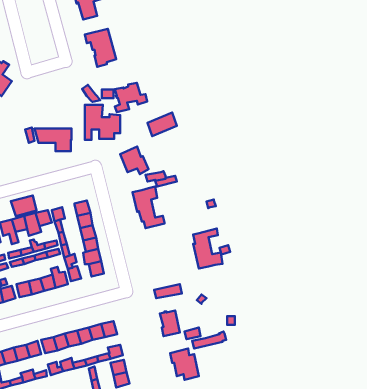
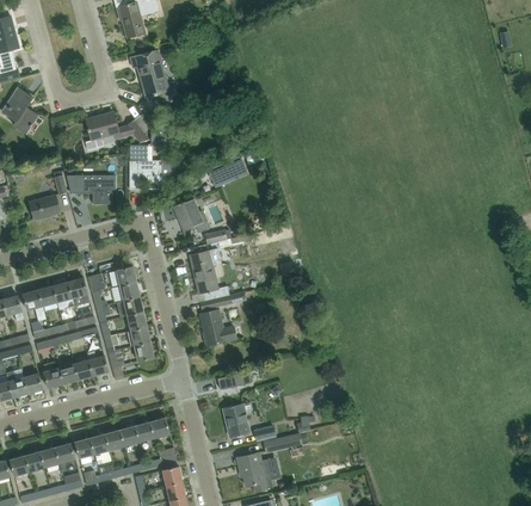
building: [115,83,147,112] -> [85,112,125,149]
building: [11,195,37,216] -> [27,195,60,221]
building: [193,229,223,268] -> [199,295,236,345]

